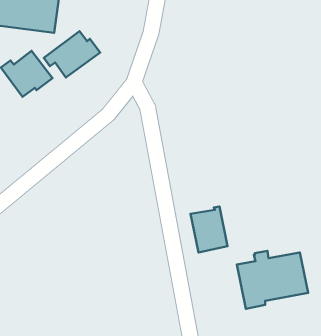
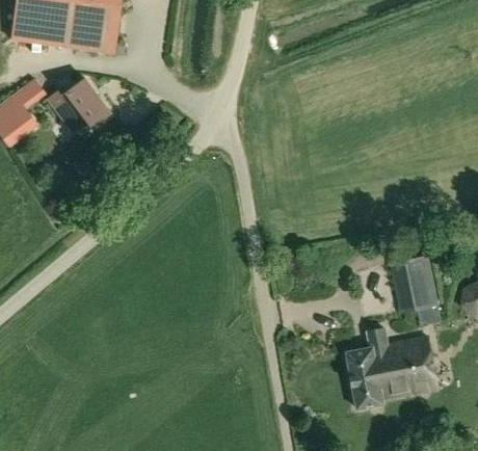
building: [44,31,100,78] -> none
building: [190,207,228,253] -> [390,255,437,314]

